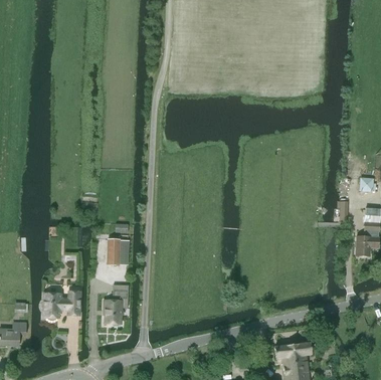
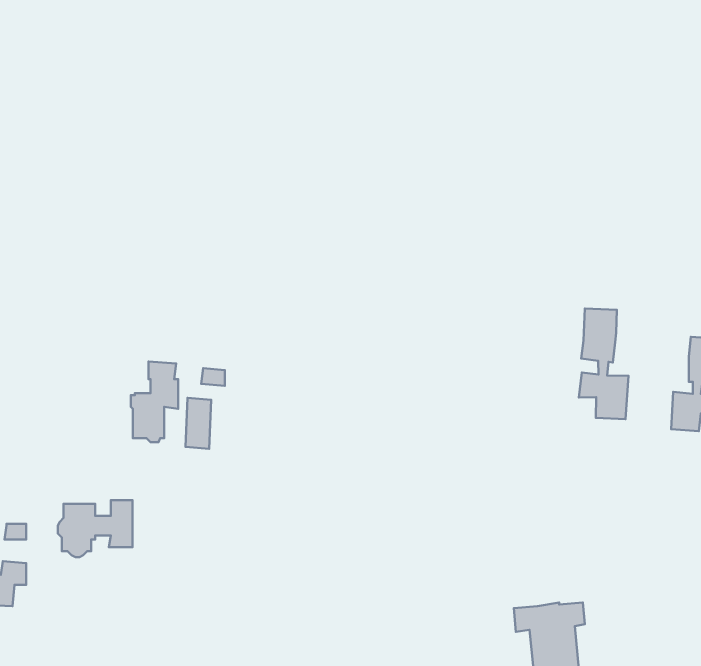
building: none -> [579,308,628,419]
building: [104,284,128,326] -> [131,362,178,442]

